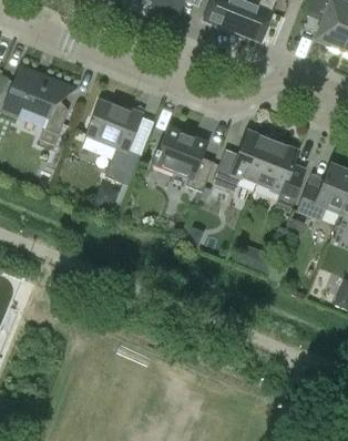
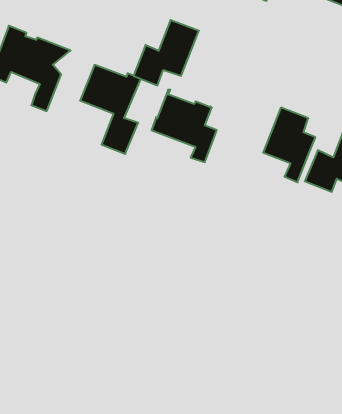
building: [212,131,273,192] -> [134,20,199,85]

